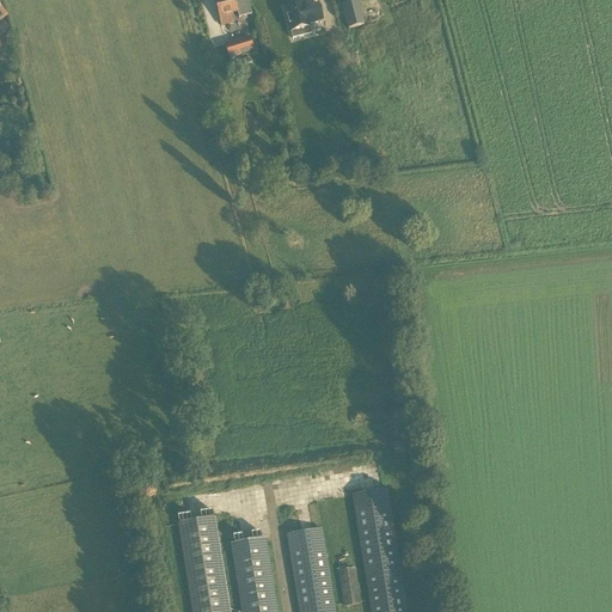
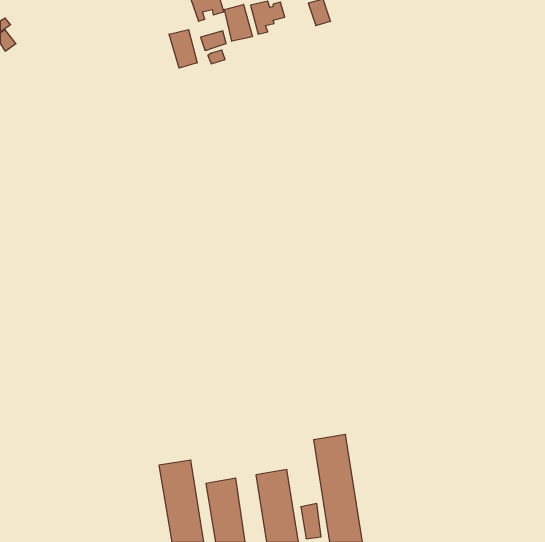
building: none -> [224,4,252,41]
building: none -> [169,30,197,68]

